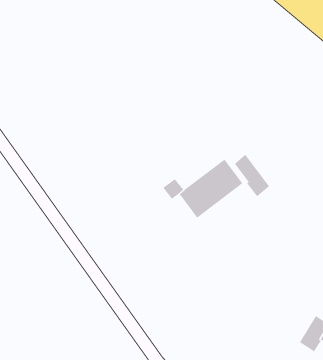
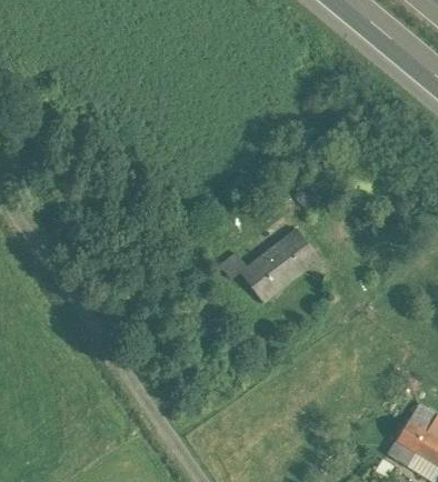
building: [234,154,270,197] -> none

